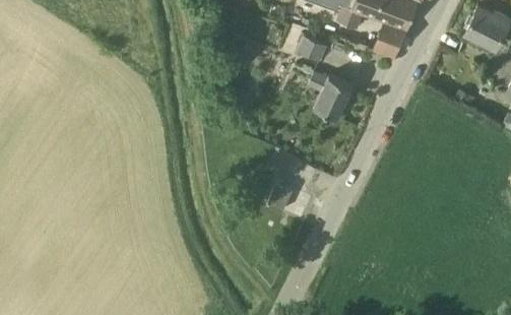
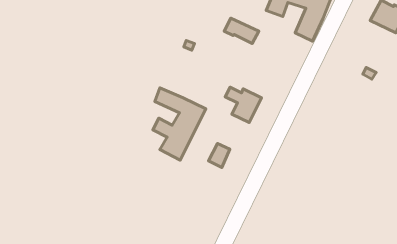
building: [308,74,353,118] -> [225,87,261,123]
building: none -> [153,88,206,160]

